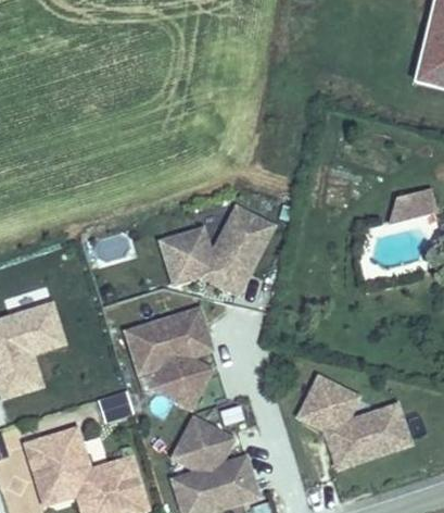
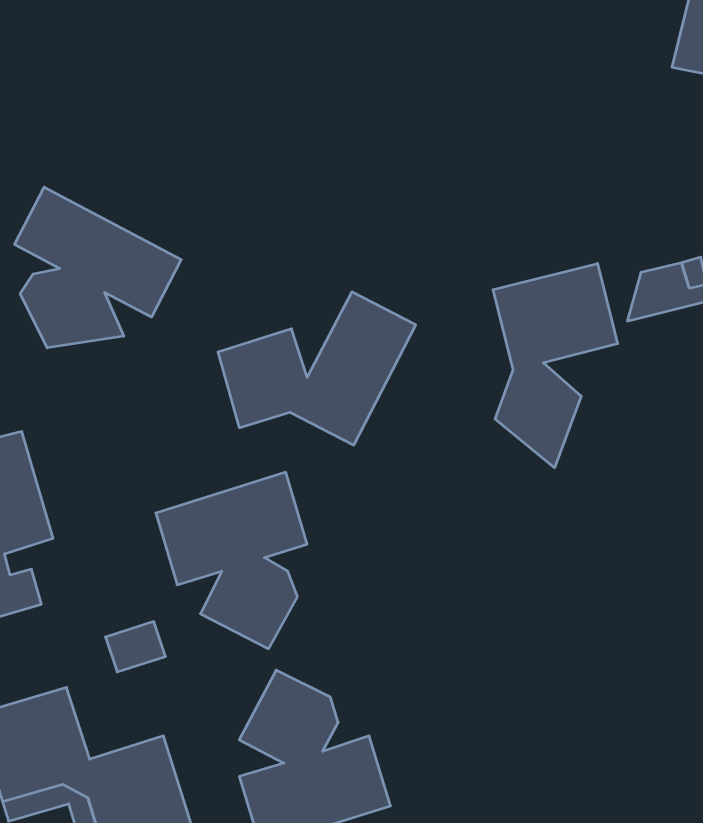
building: none -> [15,187,181,348]
building: none -> [493,263,618,468]
building: [297,375,408,466] -> none

